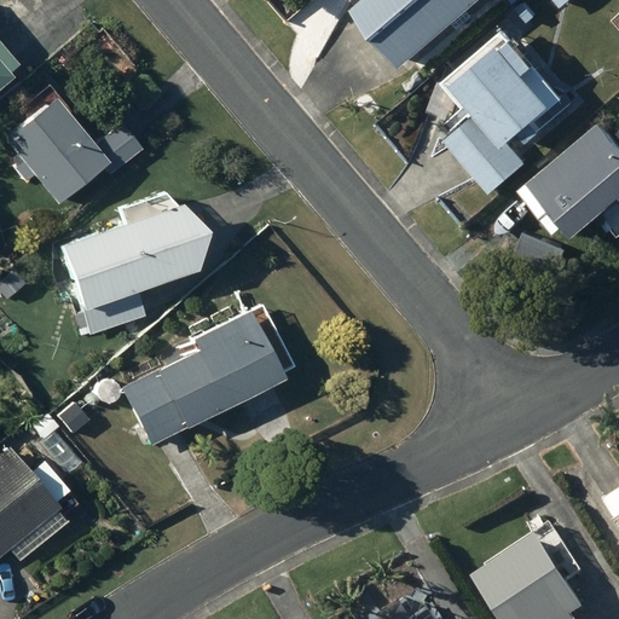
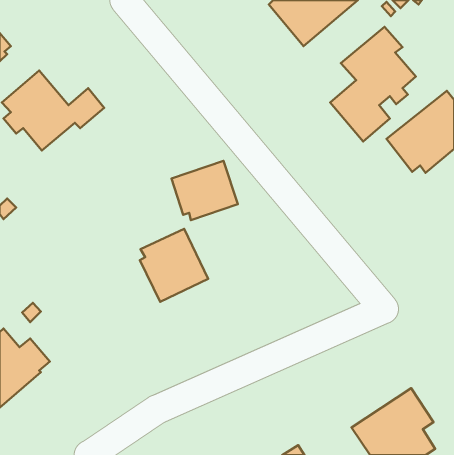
building: [59,203,206,336] -> none
building: none -> [171,161,238,220]
building: [121,353,218,444] -> none

